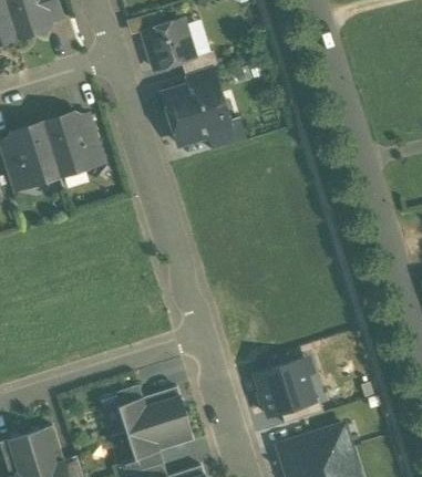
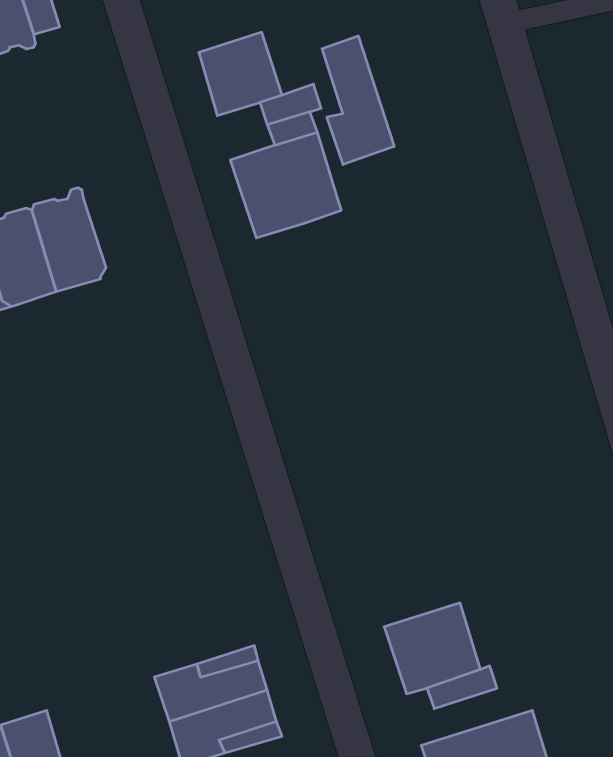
building: none -> [322,36,394,165]
building: [75,115,105,167] -> none
building: [207,116,246,151] -> none

